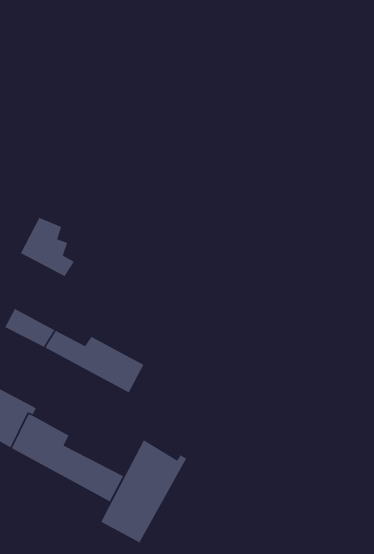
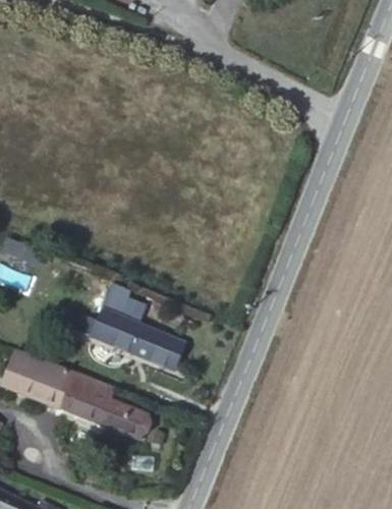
building: [20,217,75,277] -> [94,285,137,330]
building: [100,439,187,544] -> none

